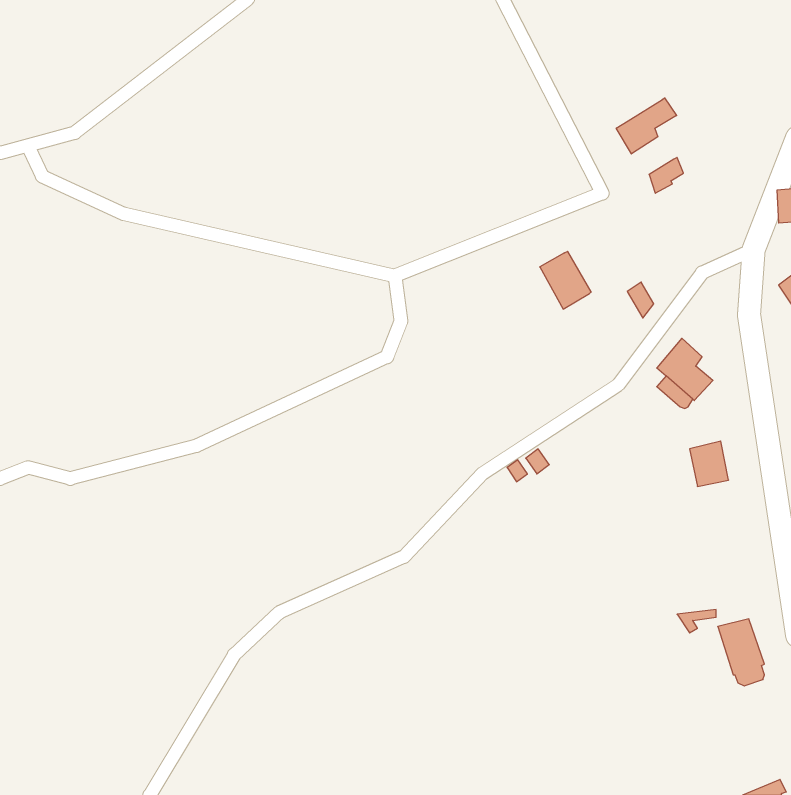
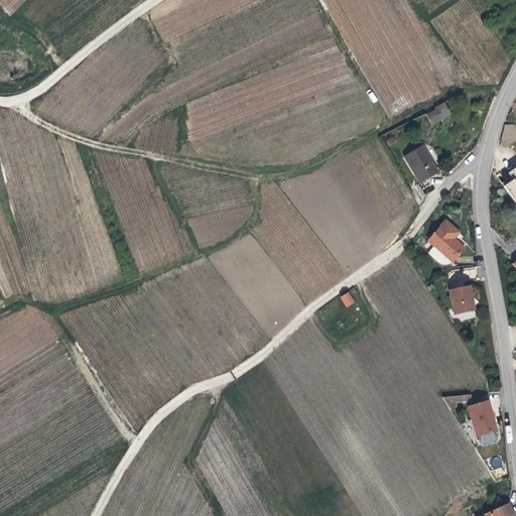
building: [616,98,677,154] -> none
building: [540,251,591,309] -> [405,144,438,181]

